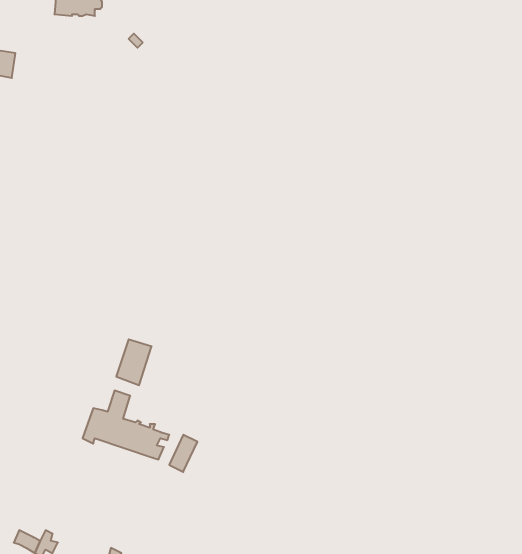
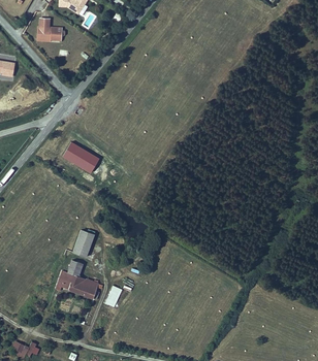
building: none -> [62,142,99,173]

